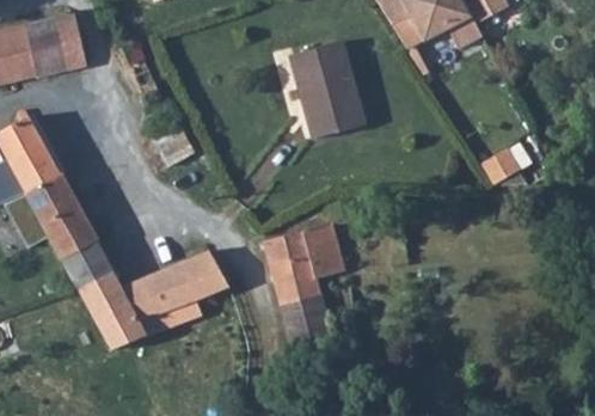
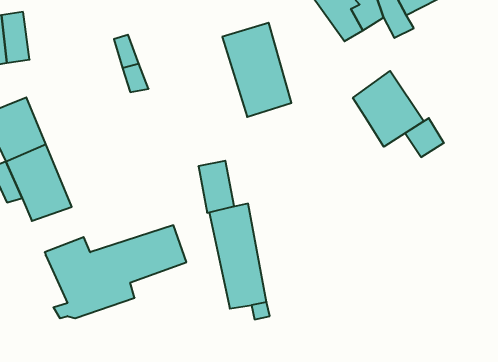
building: [54,16,85,72] -> none
building: none -> [353,71,424,147]
building: [302,225,342,282] -> [198,161,234,213]
building: [63,234,121,285] -> none

